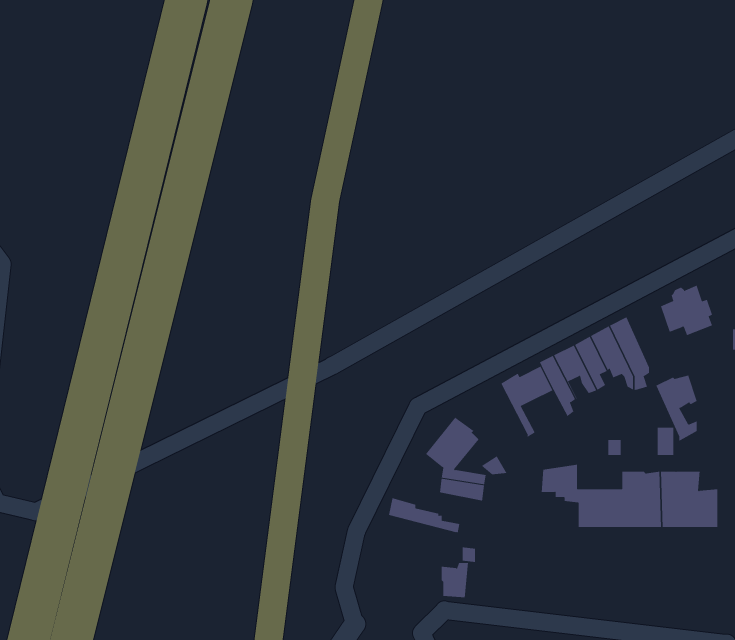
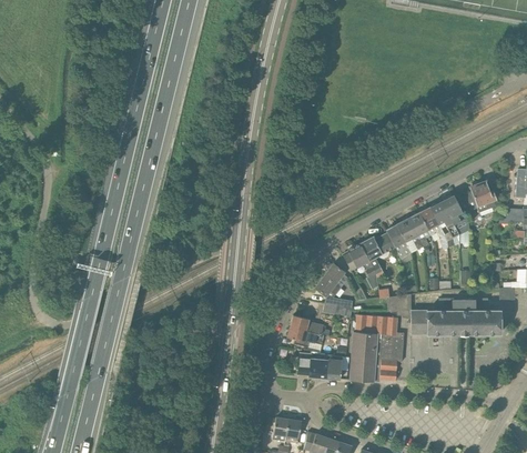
building: [656,375,698,442] -> [442,194,468,236]
building: none -> [342,243,378,282]
building: none -> [348,315,404,382]
building: none -> [287,326,334,348]
building: none -> [297,353,325,378]

